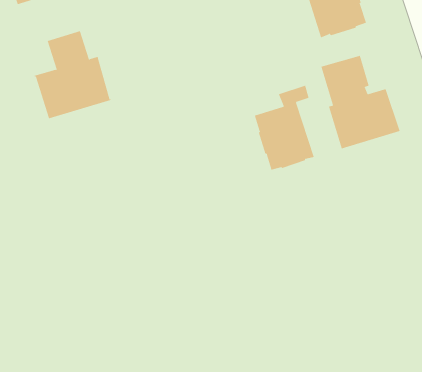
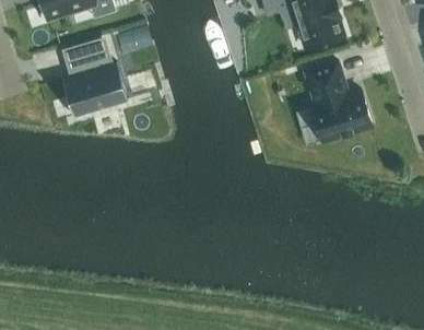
building: [254,85,324,171] -> none

